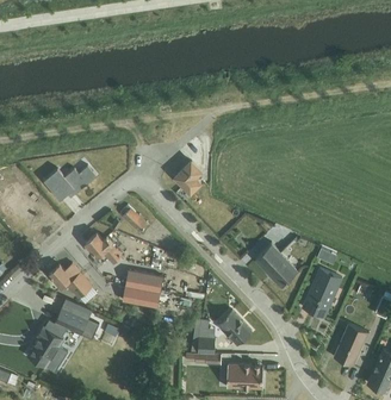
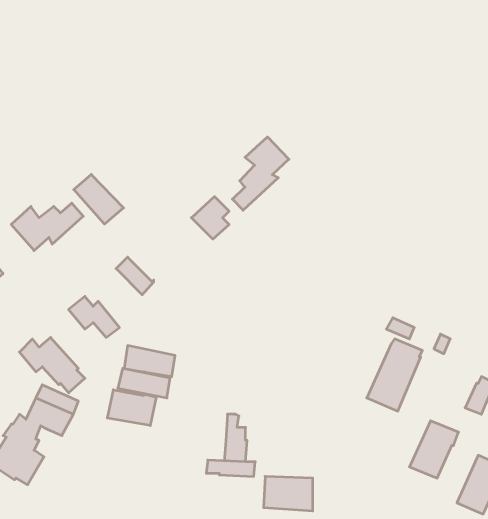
building: none -> [232,137,289,210]
building: none -> [74,174,124,224]
building: [255,243,298,287] -> none
building: none -> [107,390,156,426]
building: [216,310,252,345] -> none

